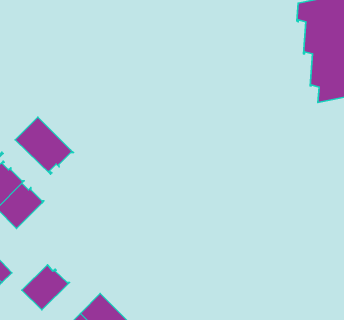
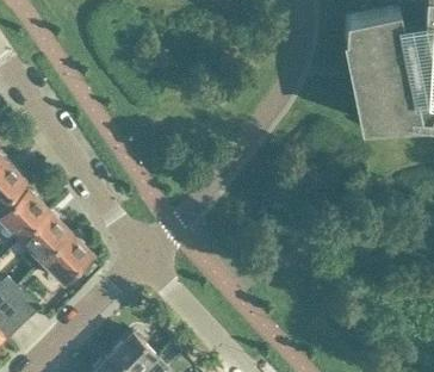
building: [15,117,73,174] -> none
building: [22,265,69,310] -> [42,242,93,291]

